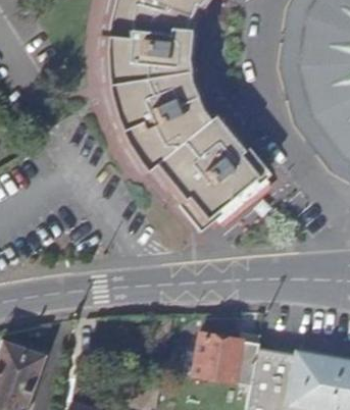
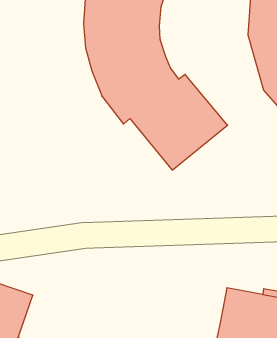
building: [196,332,264,387] -> none

